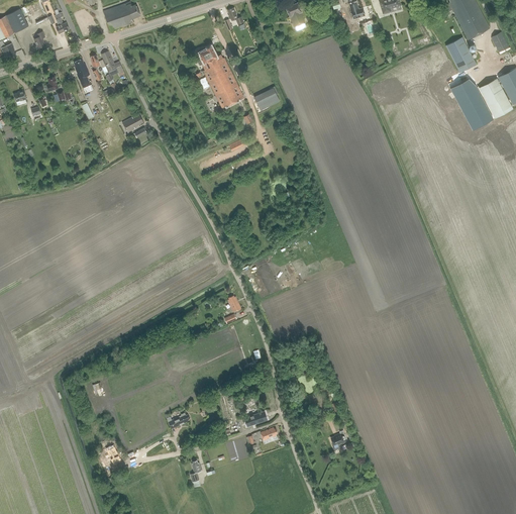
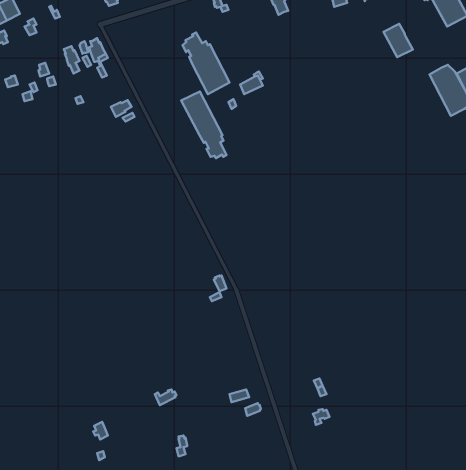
building: [446,38,477,73] -> [383,24,413,57]
building: none -> [181,92,227,158]

